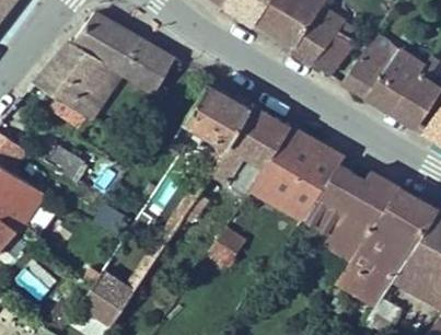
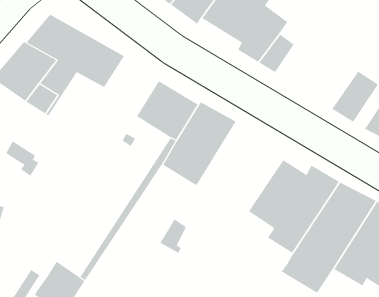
building: [341,45,416,114] -> none
building: [252,127,343,220] -> none

